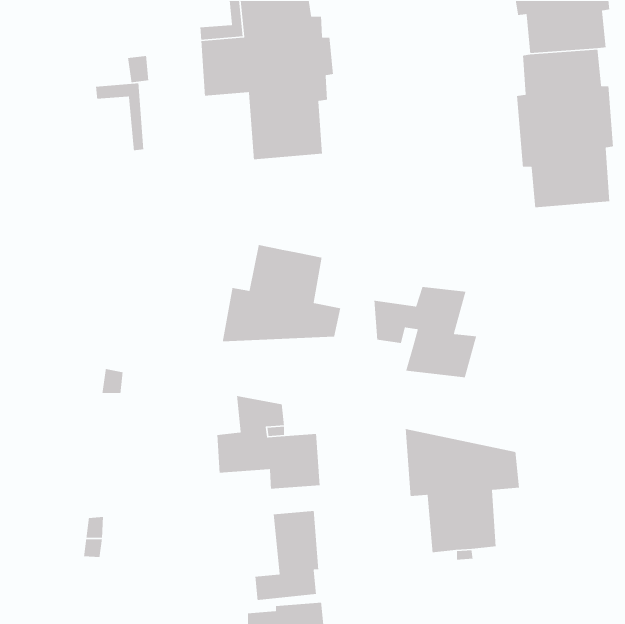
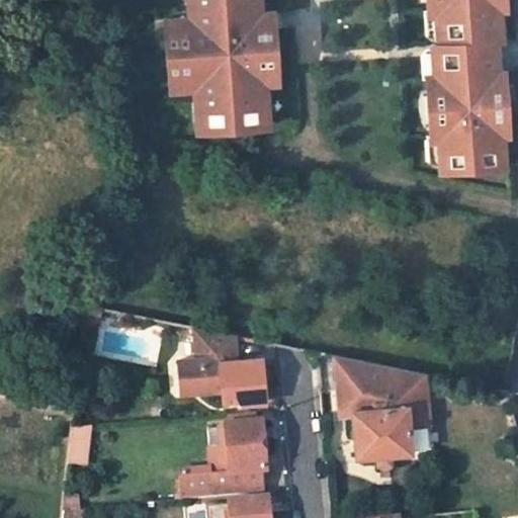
building: [95,82,144,151] -> [169,78,209,135]
building: [222,244,341,342] -> none
building: [374,286,477,378] -> none
building: none -> [179,469,212,501]

